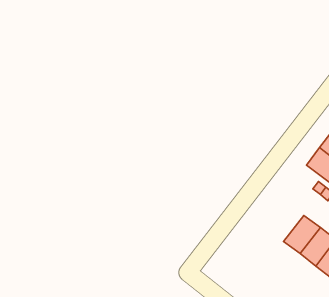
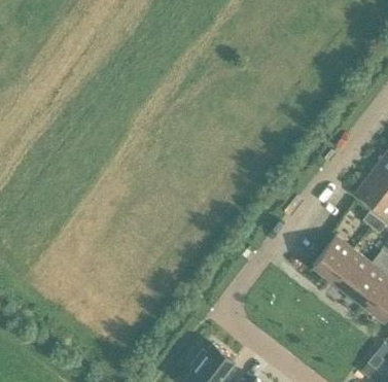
building: none -> [312,237,352,280]

